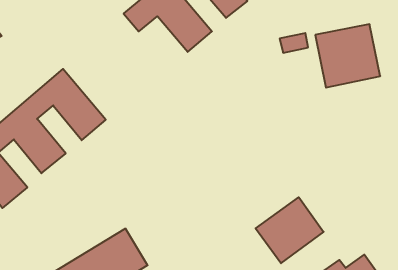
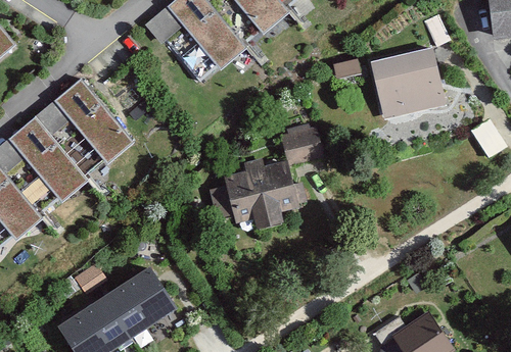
building: none -> [205,123,318,225]
building: [256,197,324,263] -> none

